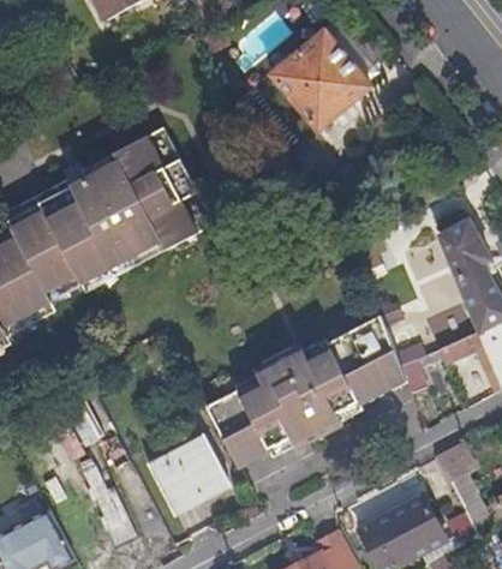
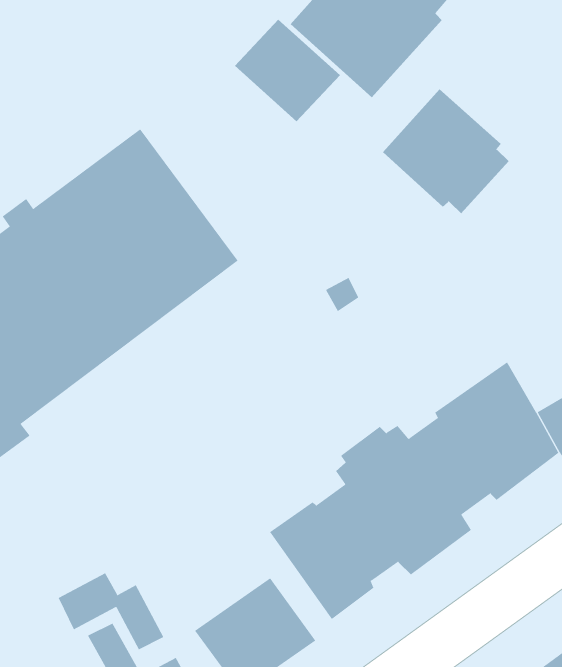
building: none -> [234,19,341,122]
building: none -> [382,89,509,214]

